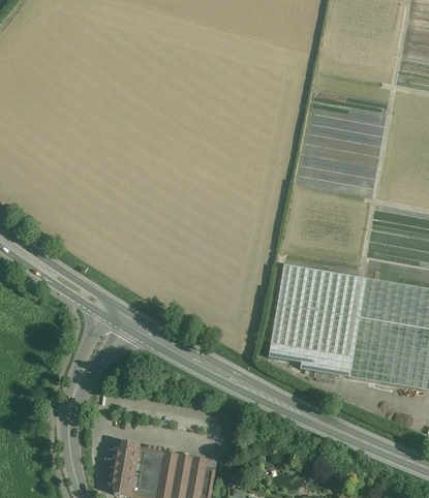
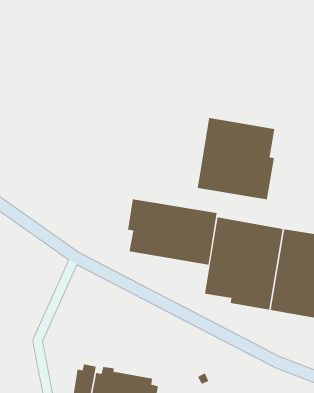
building: none -> [197,117,275,200]
building: none -> [127,198,217,265]

